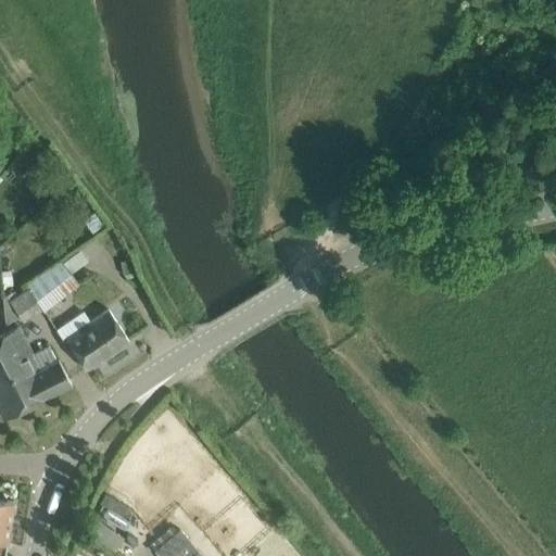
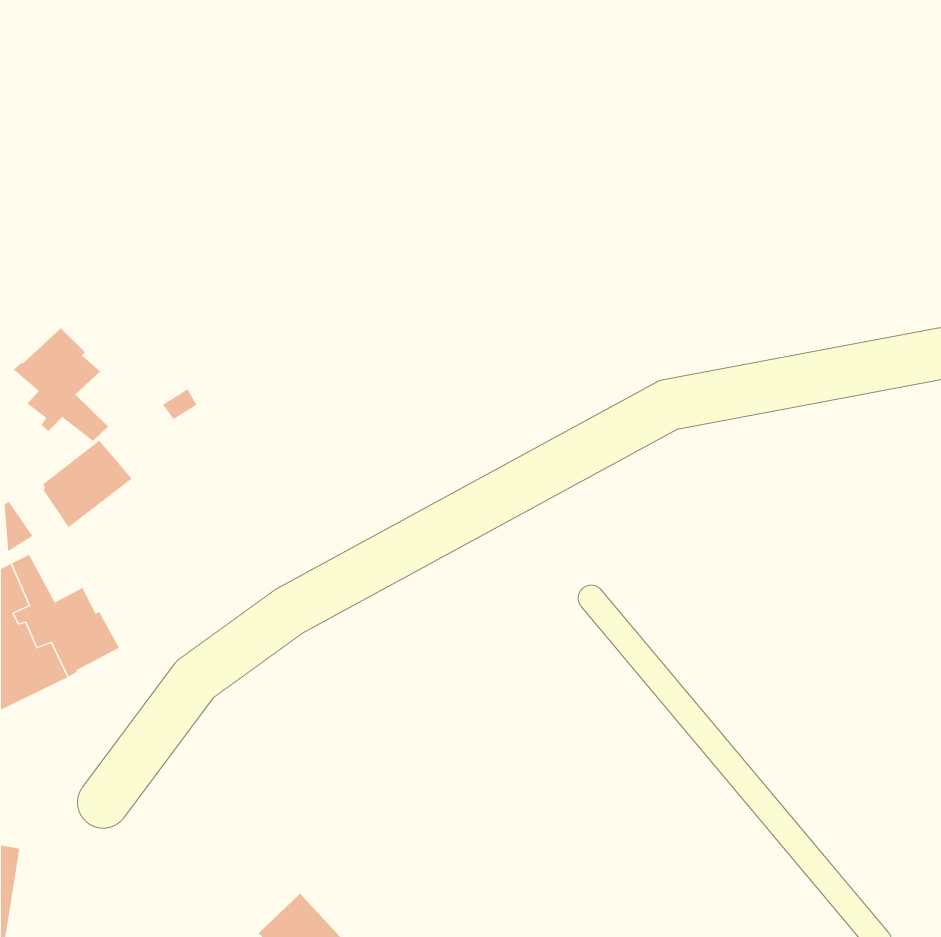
building: none -> [13,327,109,442]
building: [64,312,128,371] -> none

